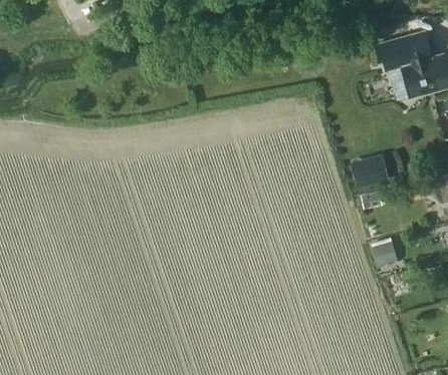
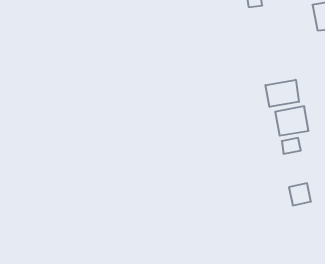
building: none -> [265,80,299,107]

